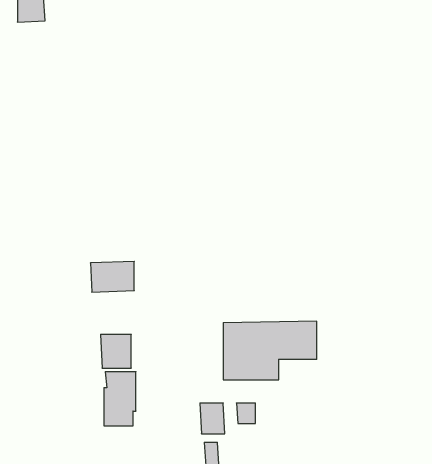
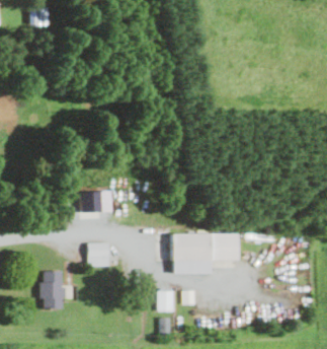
building: [104,372,136,426] -> [42,271,64,308]

